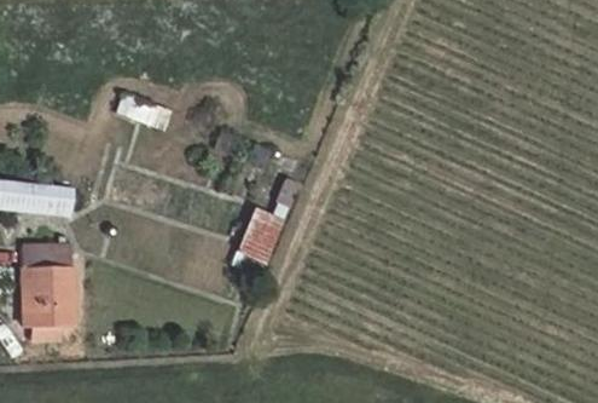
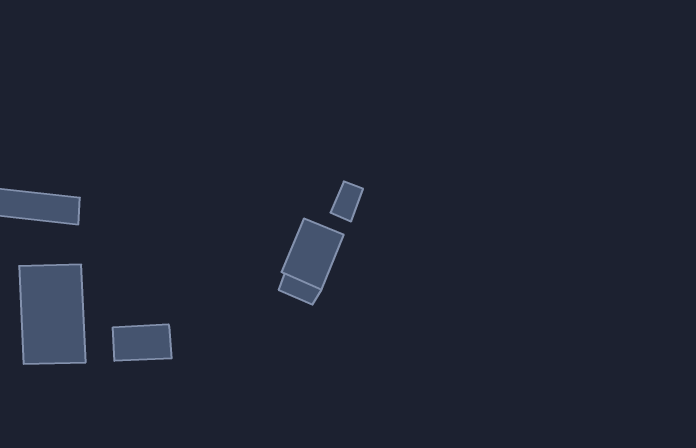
building: none -> [113,324,172,361]

